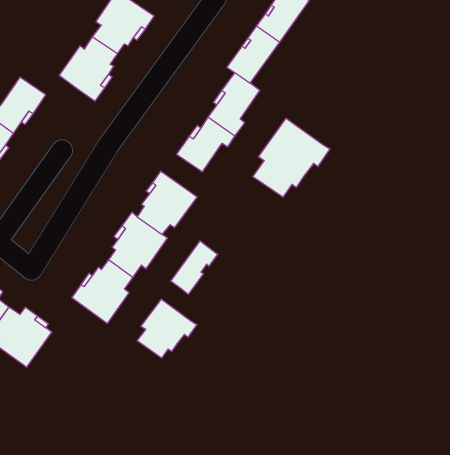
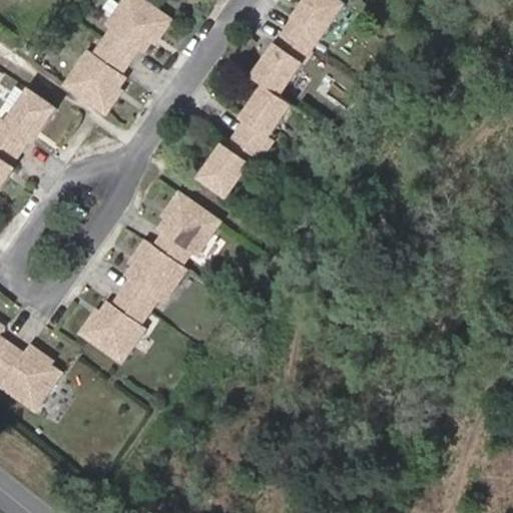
building: [253,118,330,197] -> none
building: [171,241,218,294] -> none
building: [137,299,197,358] -> none

